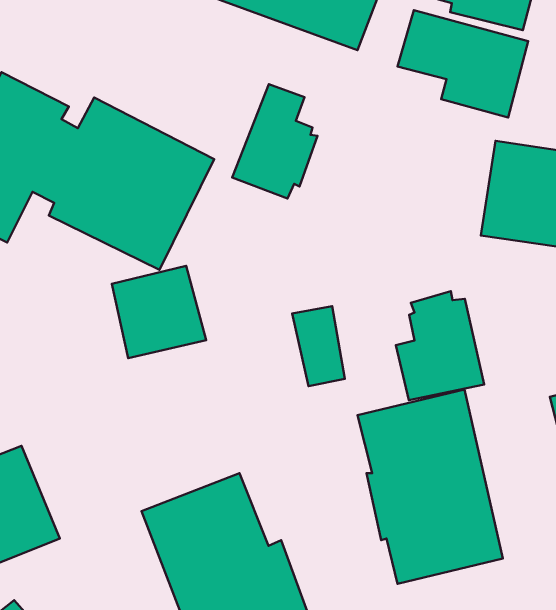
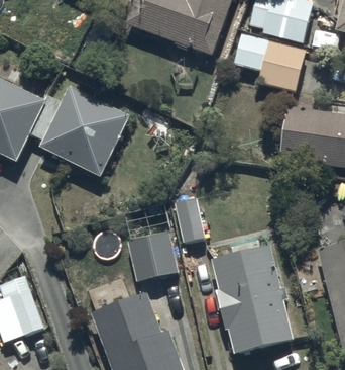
building: [232,84,317,199] -> none
building: [112,266,206,358] -> [126,229,179,281]
building: [396,291,484,400] -> none

